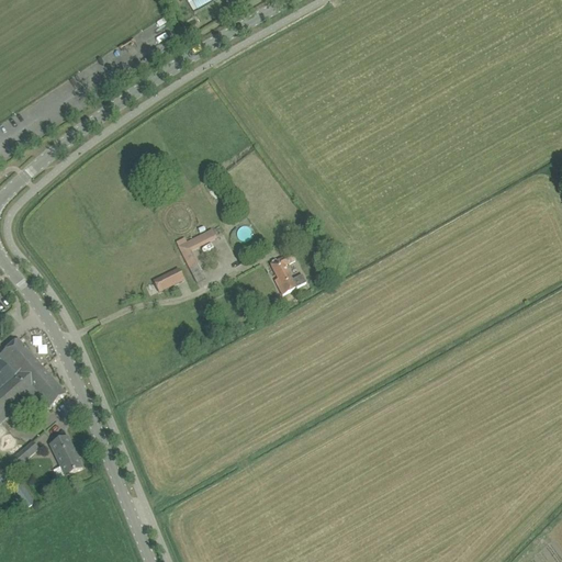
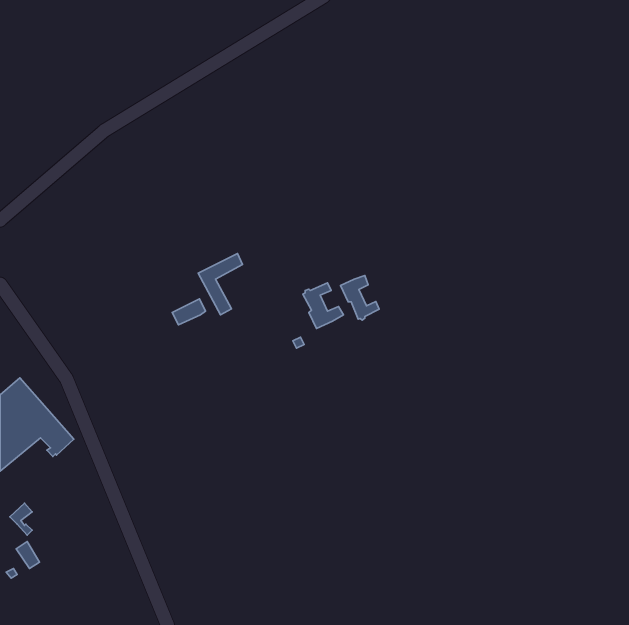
building: none -> [340,275,379,320]
building: [50,435,82,475] -> none

